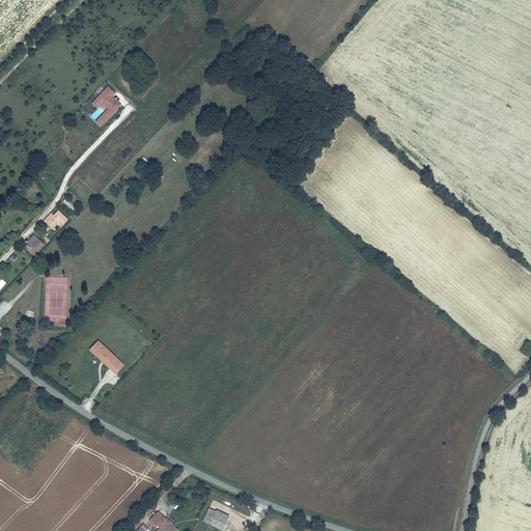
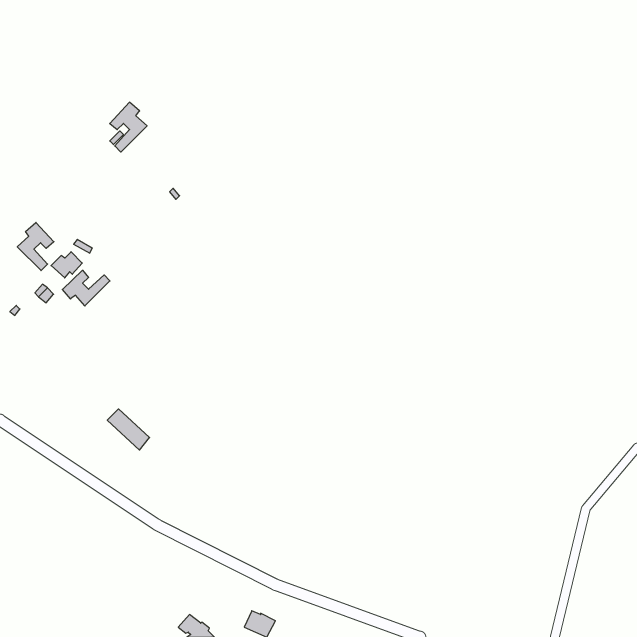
building: none -> [17,222,54,271]
building: none -> [62,270,110,306]

